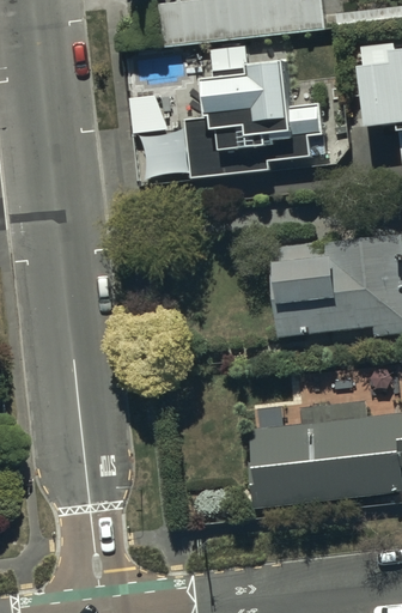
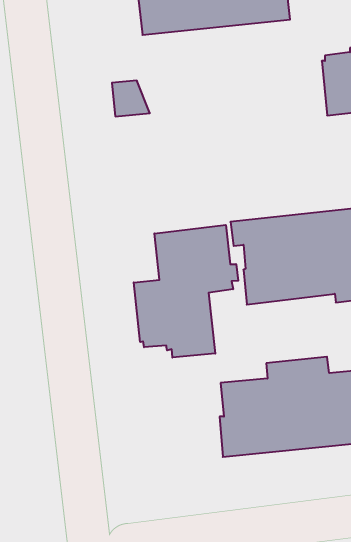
building: [183,56,319,176] -> none
building: none -> [134,225,238,358]

